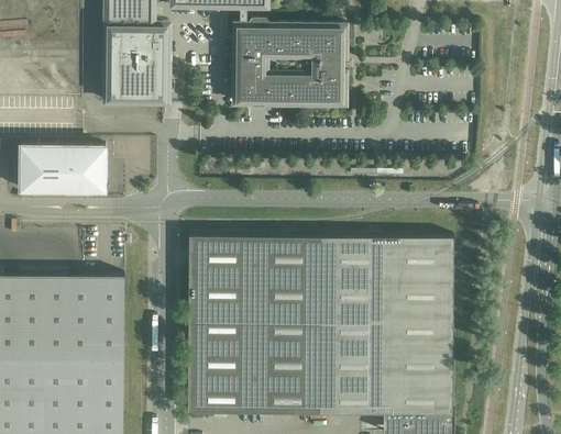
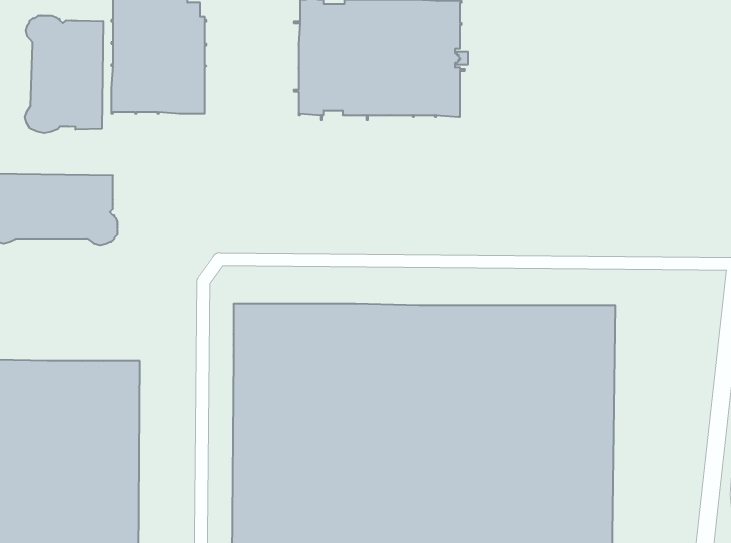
building: none -> [25,15,103,133]

